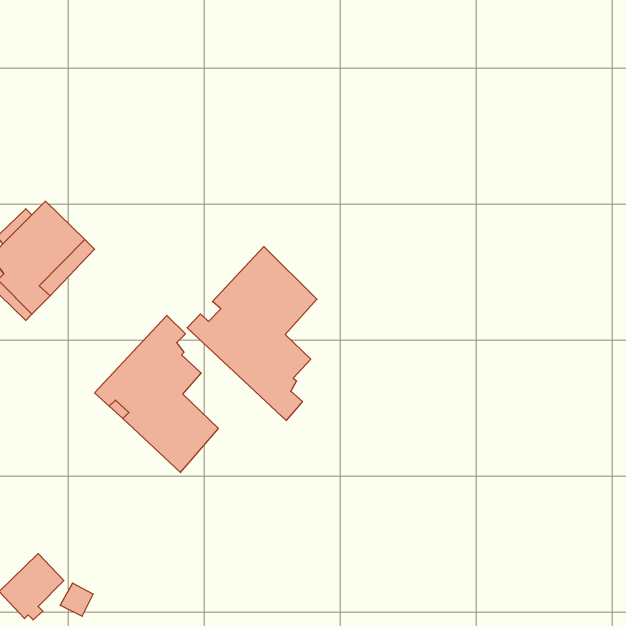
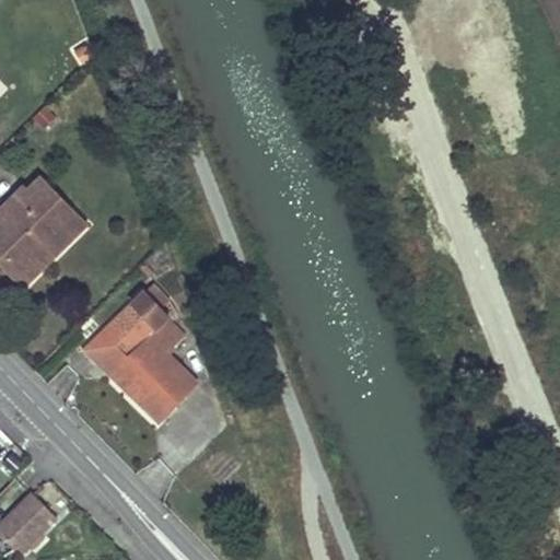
building: [187,247,317,420] -> none

